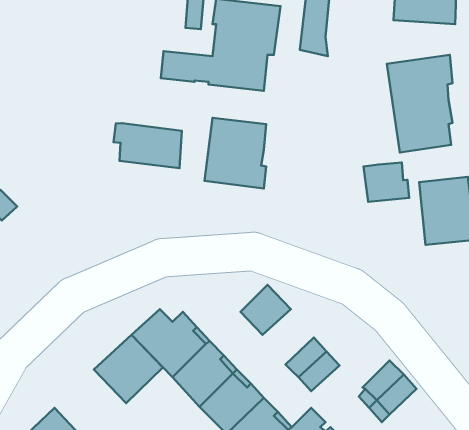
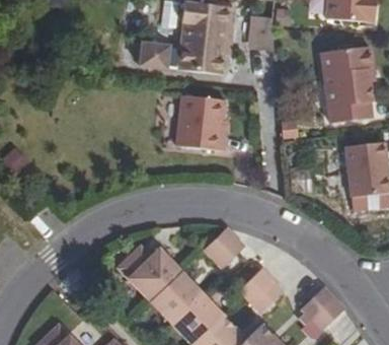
building: [114,123,182,168] -> none
building: [364,163,409,202] -> none
building: [94,335,163,403] -> none

